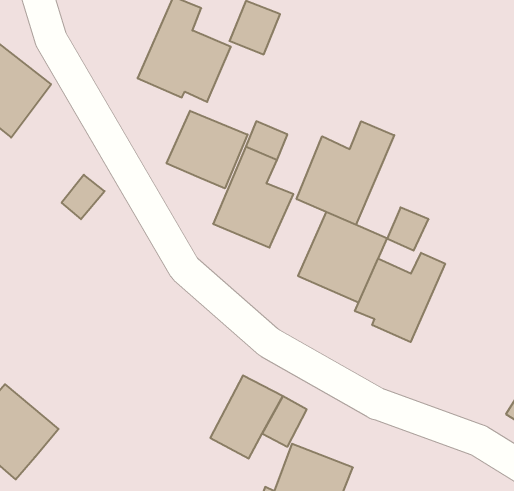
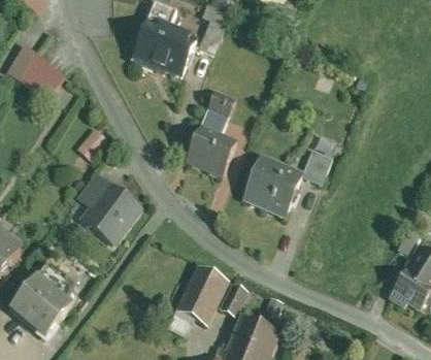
building: [167,111,248,188] -> none
building: [297,121,394,225] -> none
building: none -> [67,171,141,242]
building: [355,253,445,342] -> none

